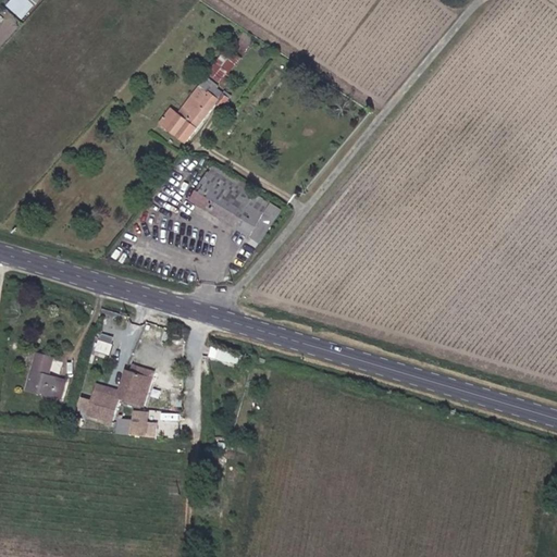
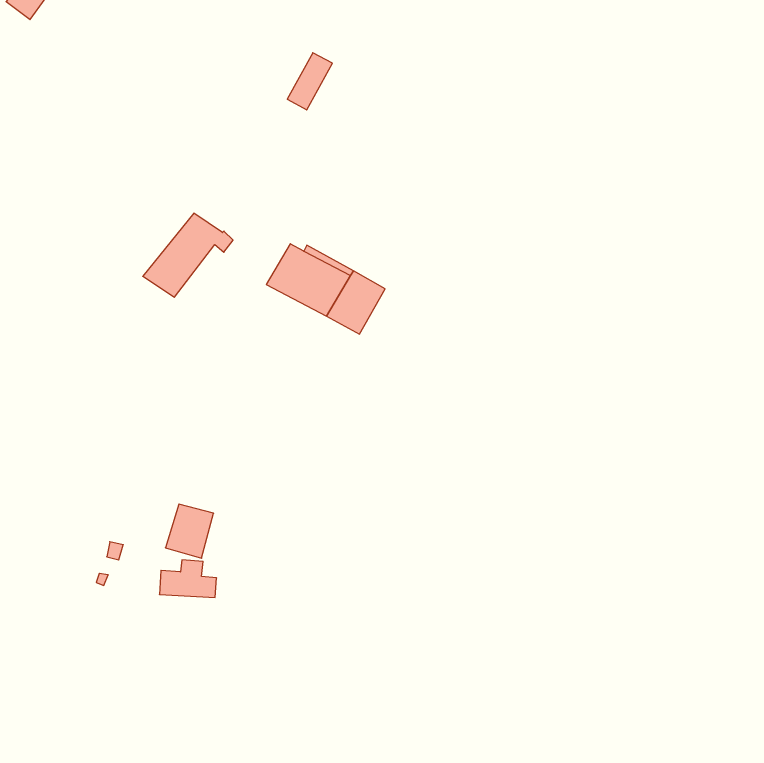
building: [162,87,227,148] -> [143,213,233,297]
building: [16,352,60,397] -> none
building: [88,389,119,423] -> none

